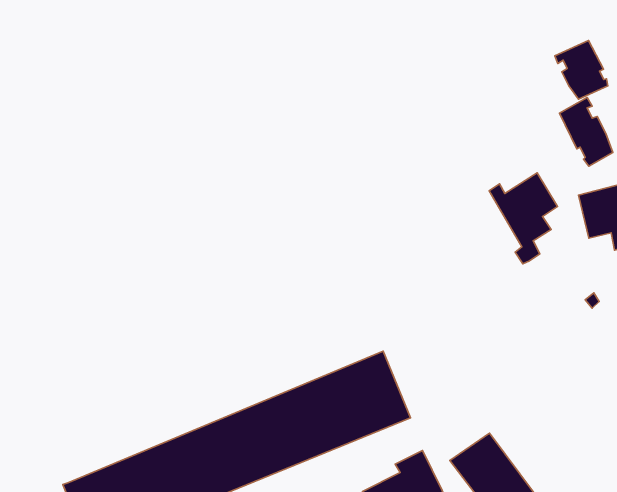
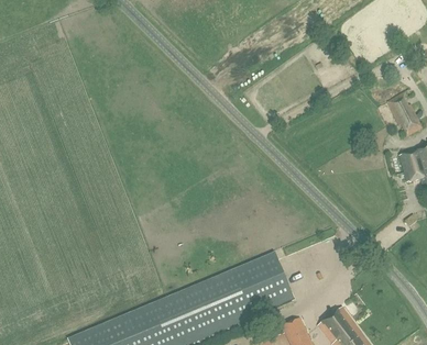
building: [555,41,608,99] -> none
building: [489,173,558,264] -> none

